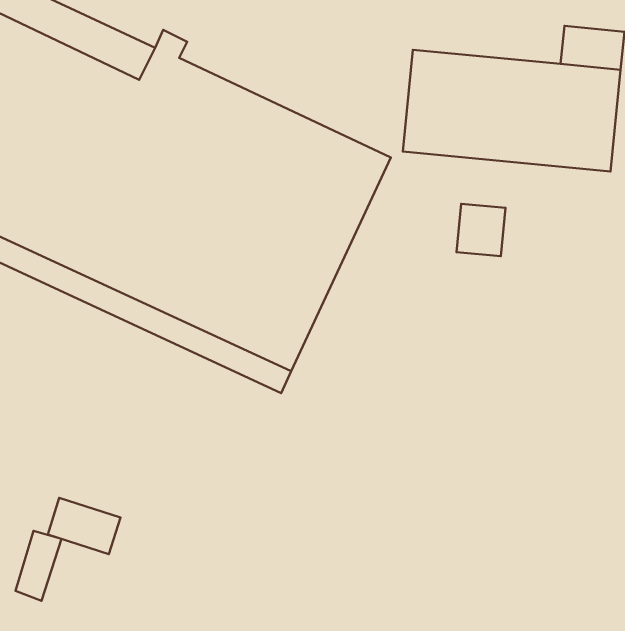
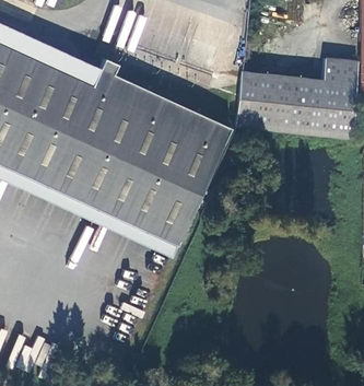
building: [457,204,505,256] -> none
building: [48,498,121,554] -> none

